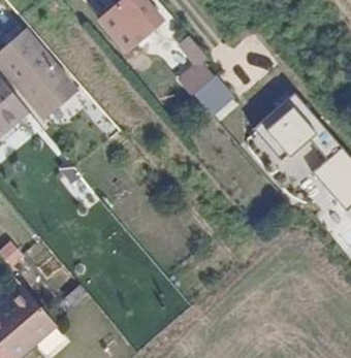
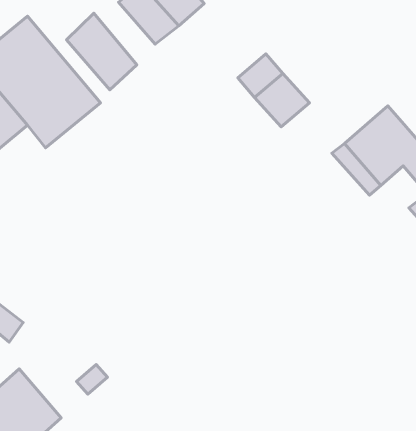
building: none -> [66,13,137,90]

